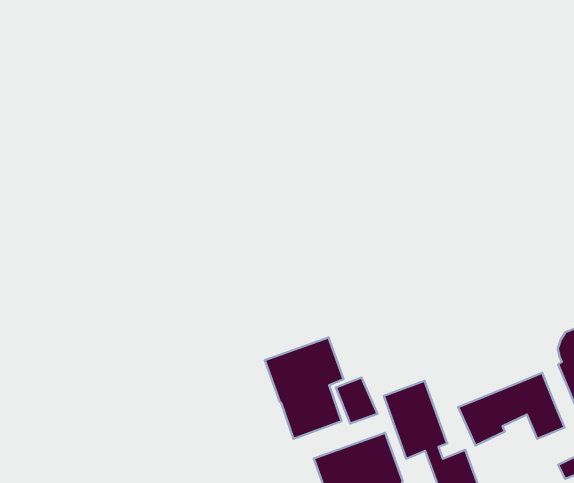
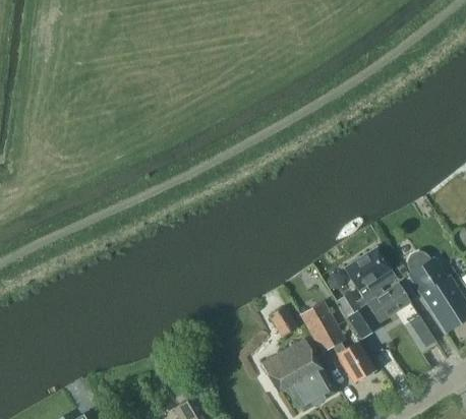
building: none -> [337,246,396,314]
building: [265,337,343,439] -> none

